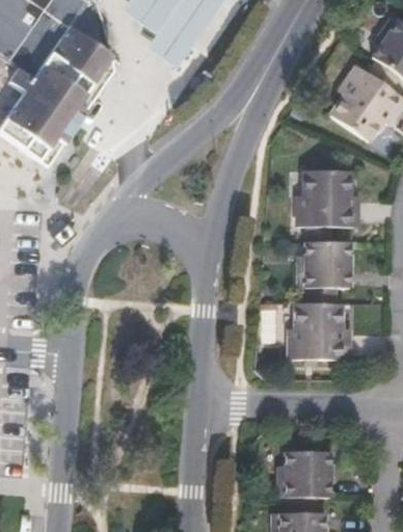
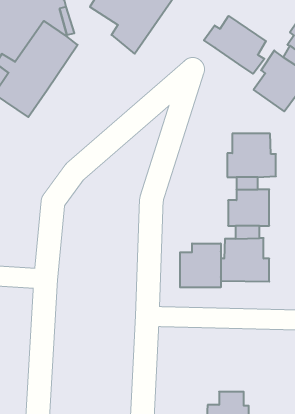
building: none -> [204,16,266,74]
building: none -> [180,243,221,287]
building: [277,452,329,497] -> none

